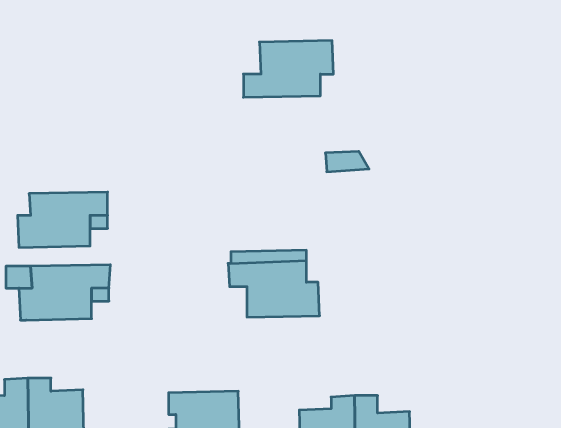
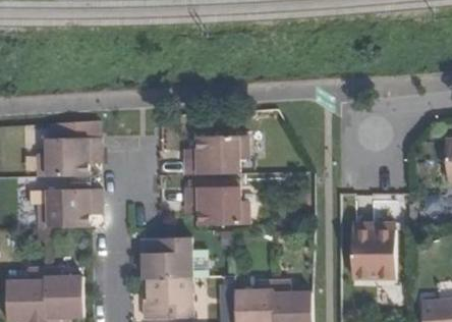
building: [243,41,333,97] -> [184,133,247,173]
building: none -> [351,228,395,276]
building: none -> [142,236,191,277]

